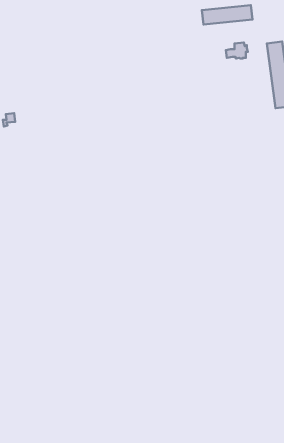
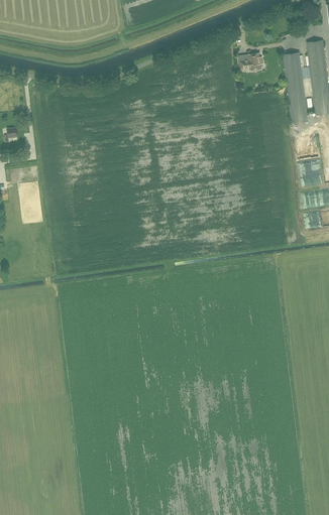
building: [202,5,252,24] -> none

